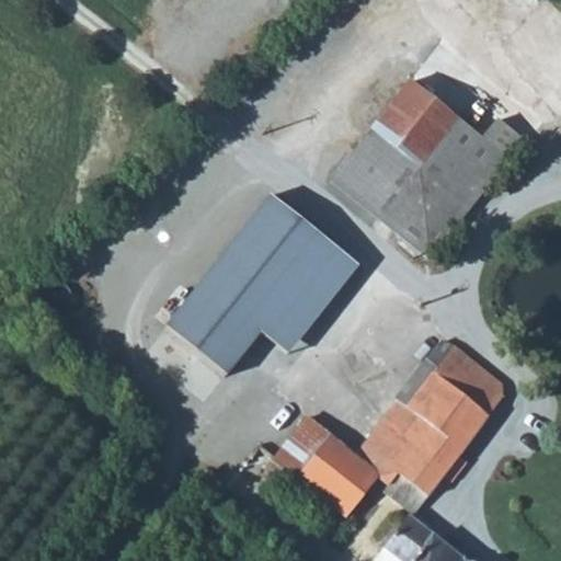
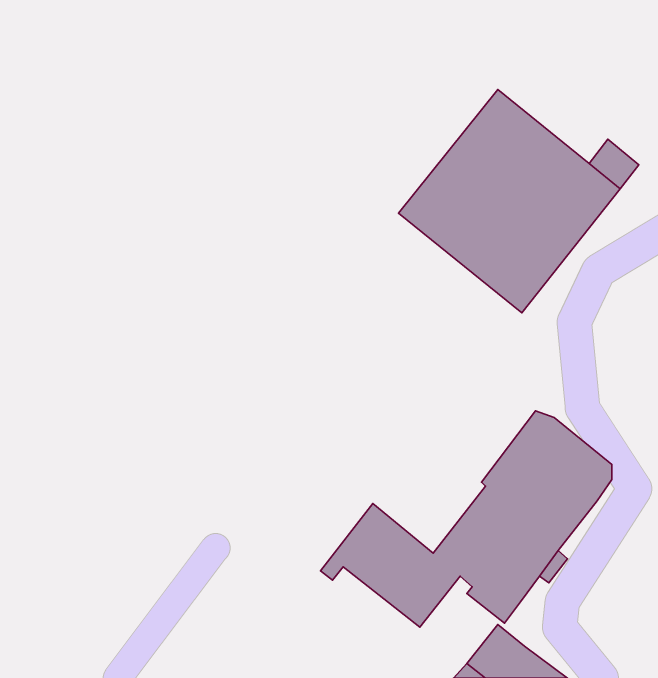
building: [165,197,360,377] -> none

